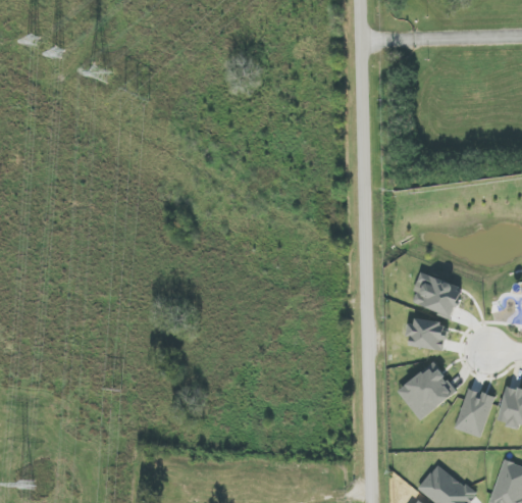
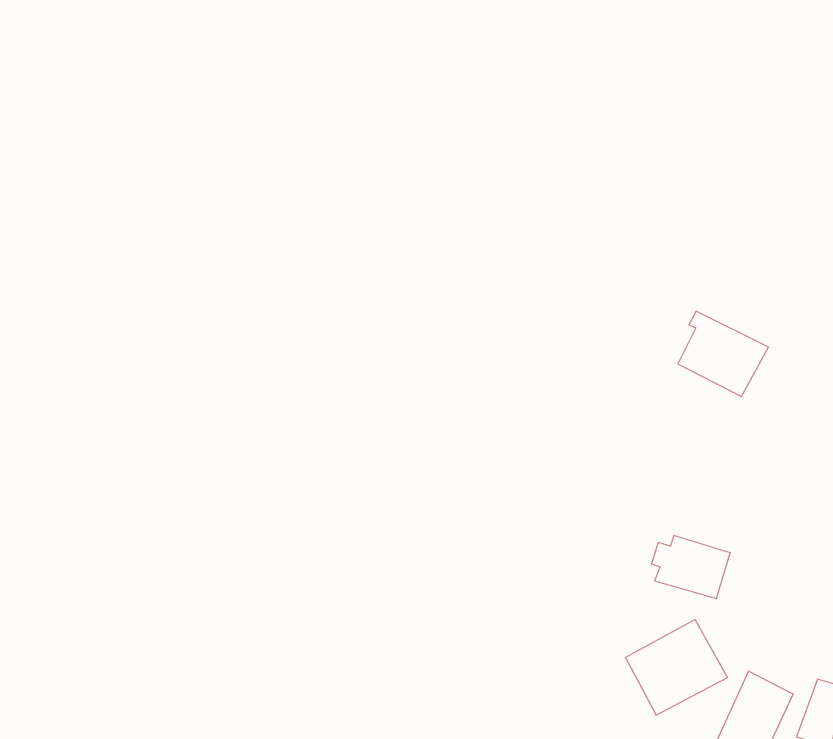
building: [414,272,463,316] -> [678,311,769,397]

